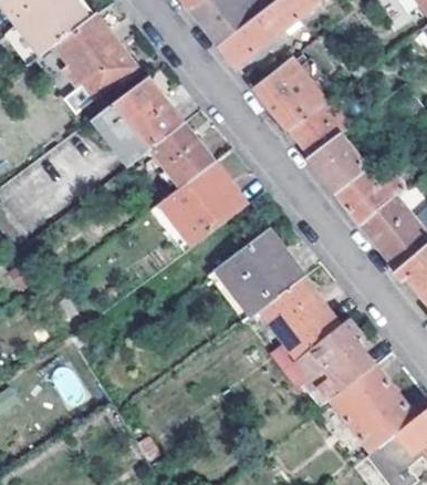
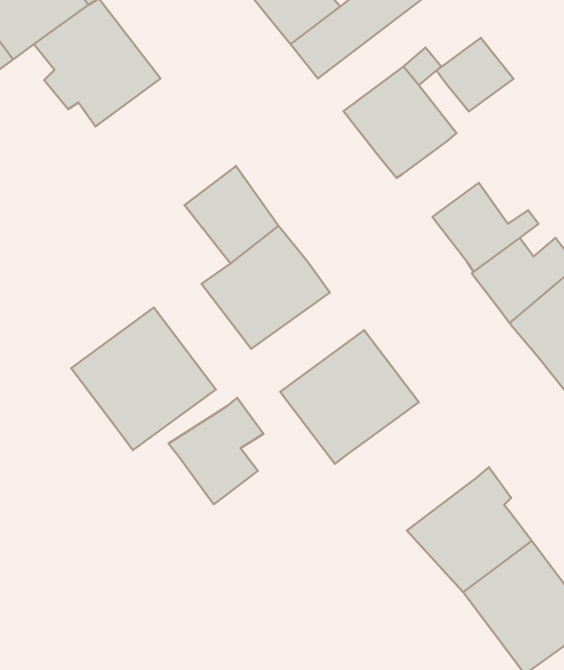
building: [92,78,181,164] -> none
building: [290,107,340,155] -> [436,38,513,111]
building: none -> [71,308,216,450]
building: none -> [169,398,263,504]
building: [256,276,339,359] -> none

